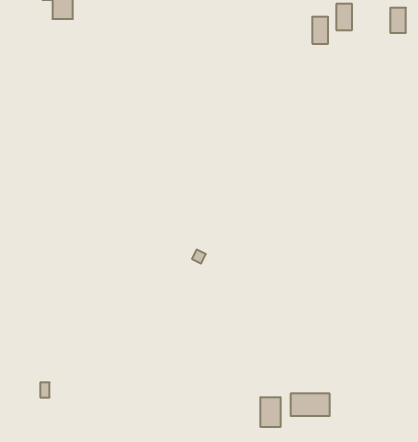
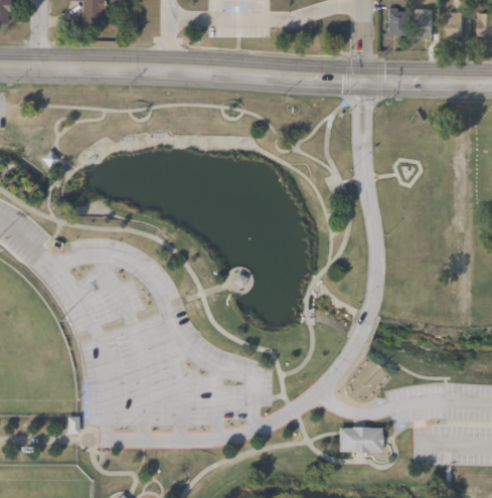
building: [312,17,328,44] -> [415,8,432,37]
building: [261,397,280,427] -> none

